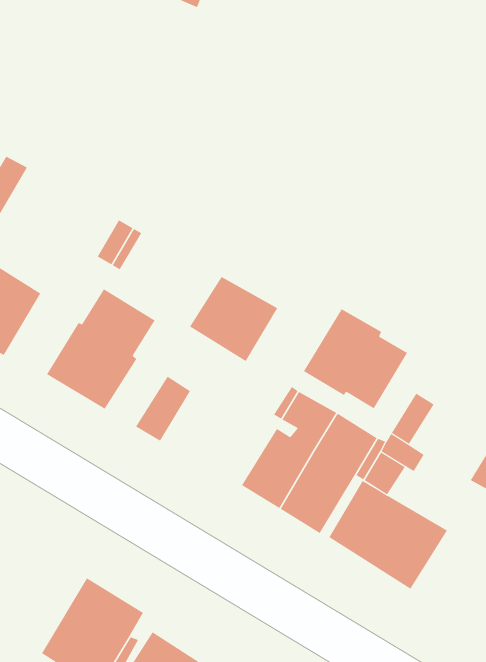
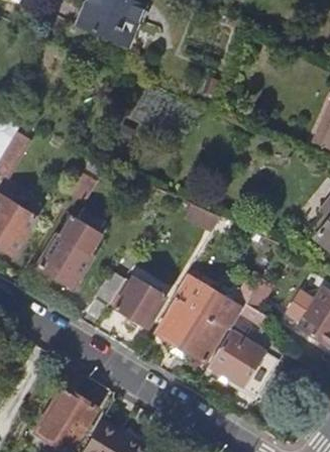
building: [189,276,278,362] -> [113,276,167,328]
building: [303,308,408,409] -> none

